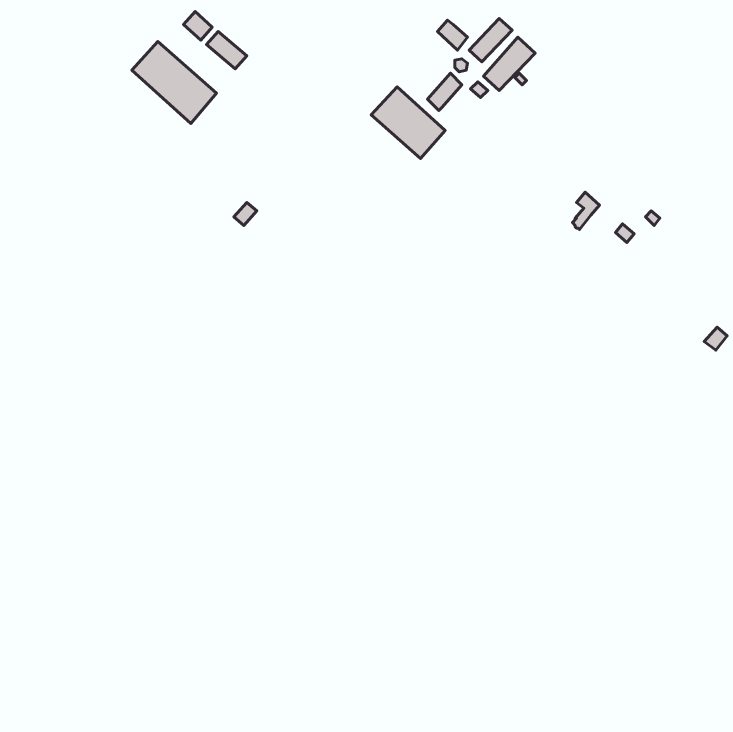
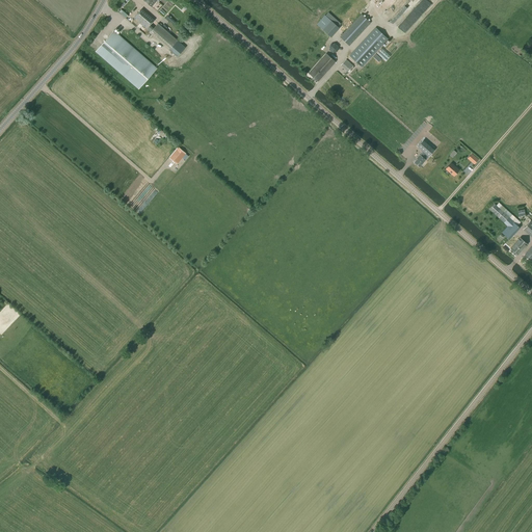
building: [371,87,445,159] -> none
building: none -> [489,203,521,239]

